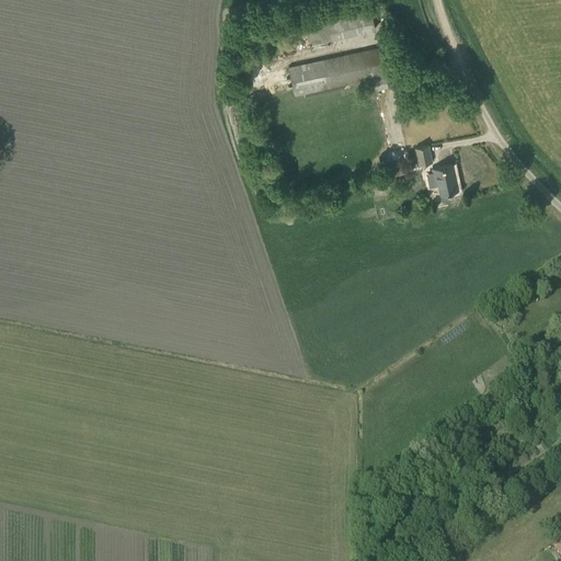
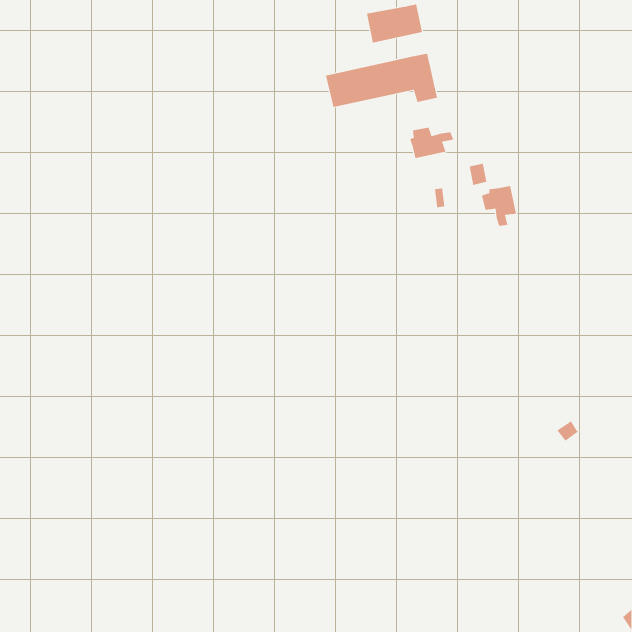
building: none -> [409,127,454,159]

